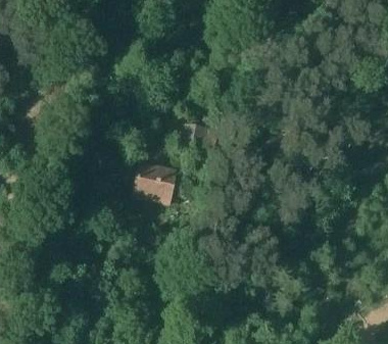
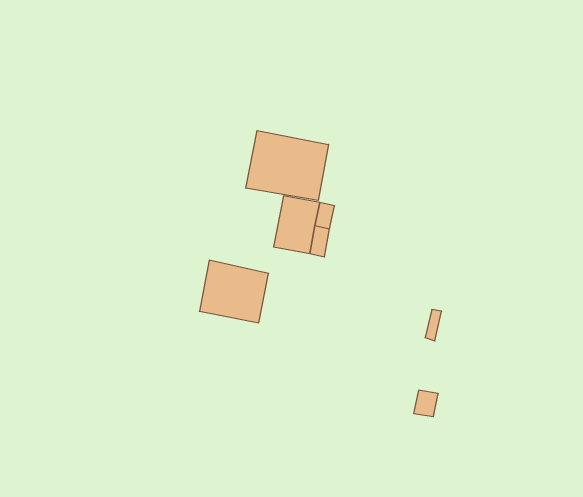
building: none -> [246,131,329,200]

